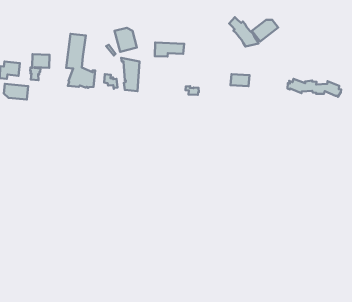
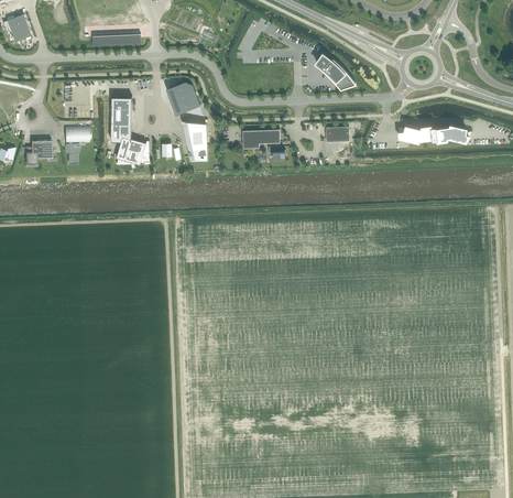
building: [252,20,278,41] -> none
building: [155,43,184,57] -> [241,129,279,149]
building: [4,84,28,100] -> none

